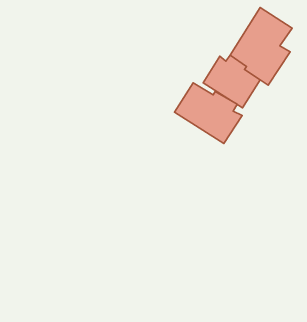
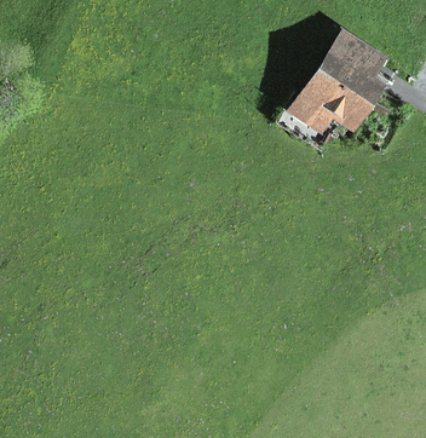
building: [175,83,242,143] -> none

